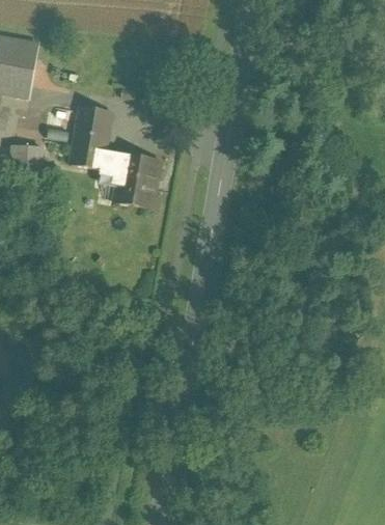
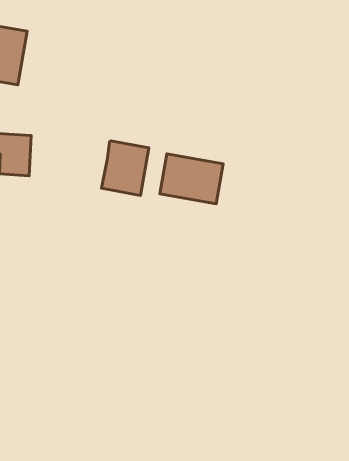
building: [70,105,121,169] -> none
building: none -> [160,154,223,204]

